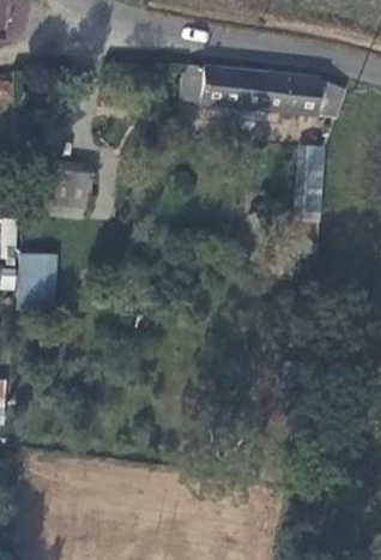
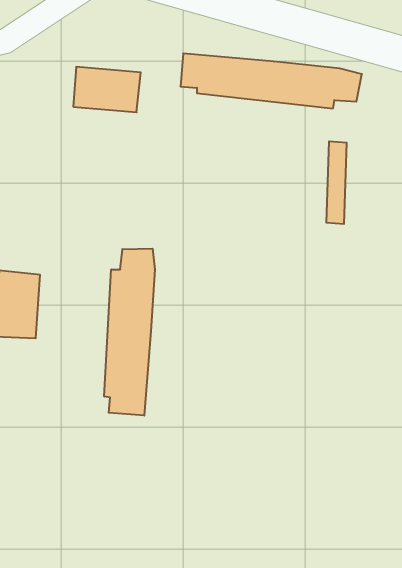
building: [30,164,89,204] -> [73,67,141,112]
building: none -> [104,249,155,416]

